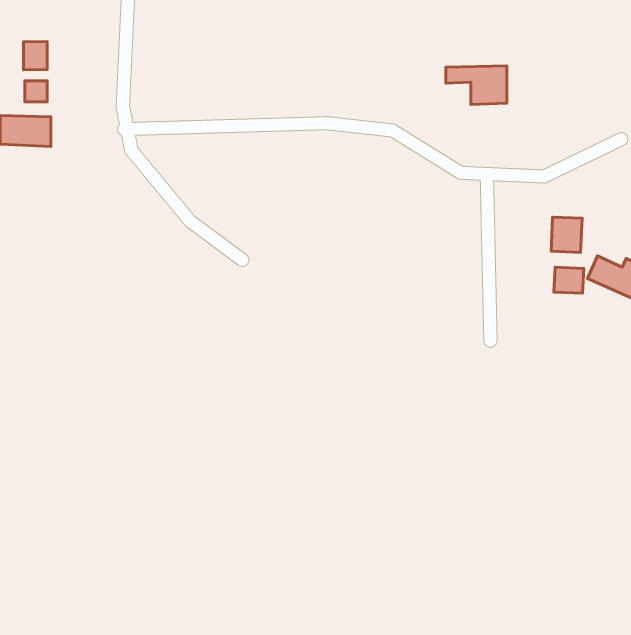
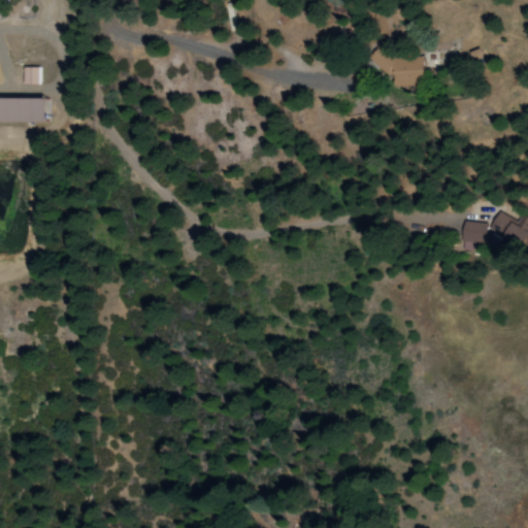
building: [23,42,47,70] -> none
building: [551,217,582,252] -> none

